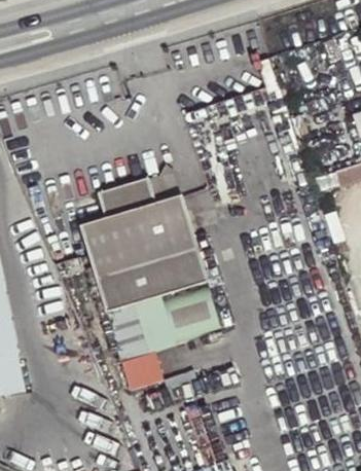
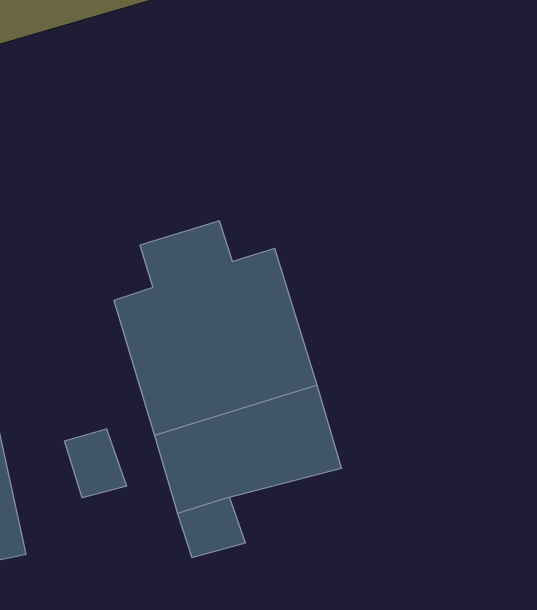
building: none -> [64,429,126,498]

